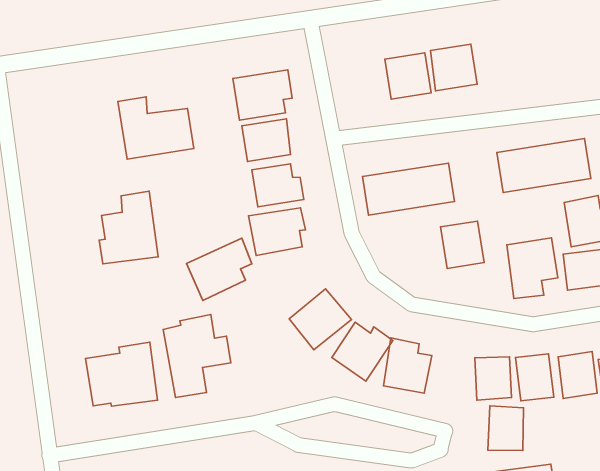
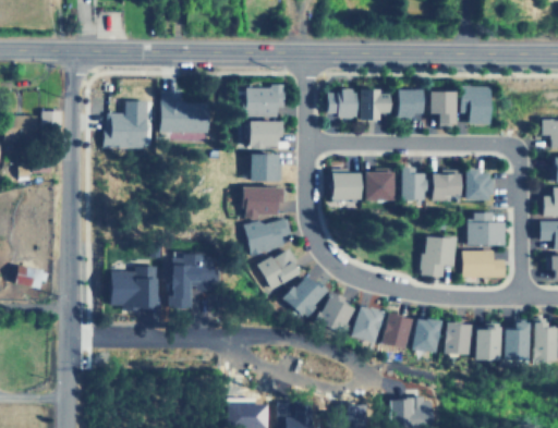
building: none -> [459,86,489,124]
building: none -> [425,91,453,126]
building: none -> [325,90,354,118]
building: [99,191,158,264] -> [106,101,147,149]
building: [441,221,484,268] -> [397,169,424,199]
building: [187,238,252,300] -> [245,216,292,256]
building: [488,406,524,451] -> [354,306,385,342]

